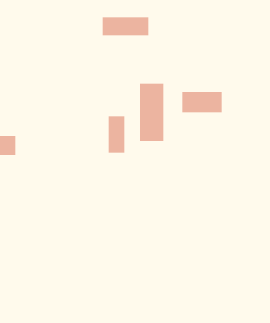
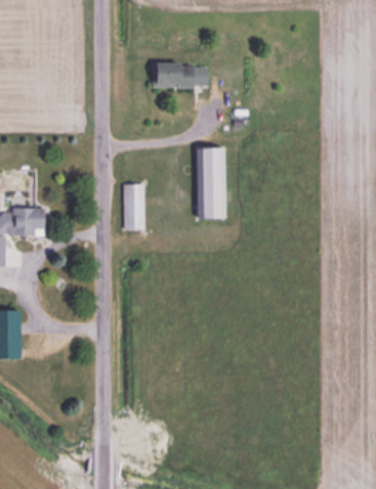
building: [182,91,222,113] -> none
building: [108,116,125,153] -> [124,184,145,230]

